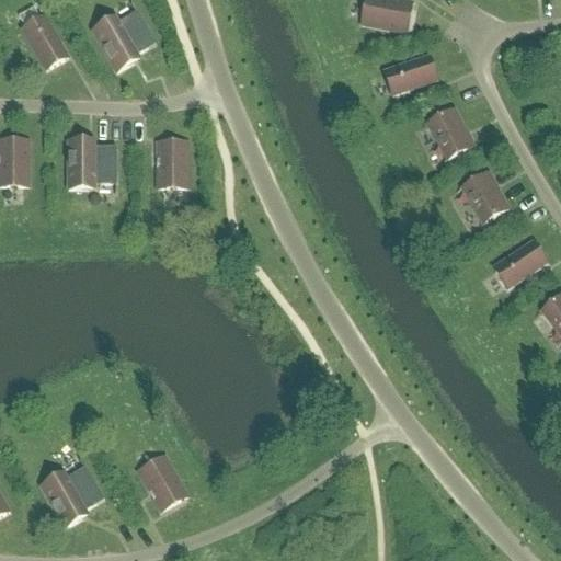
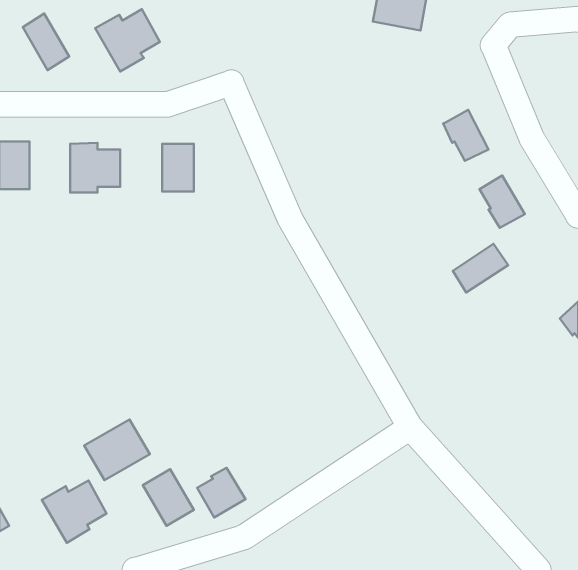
building: [383,54,437,92] -> none
building: [493,239,547,286] -> [453,244,508,292]
building: none -> [84,419,150,480]
building: none -> [197,468,246,517]

